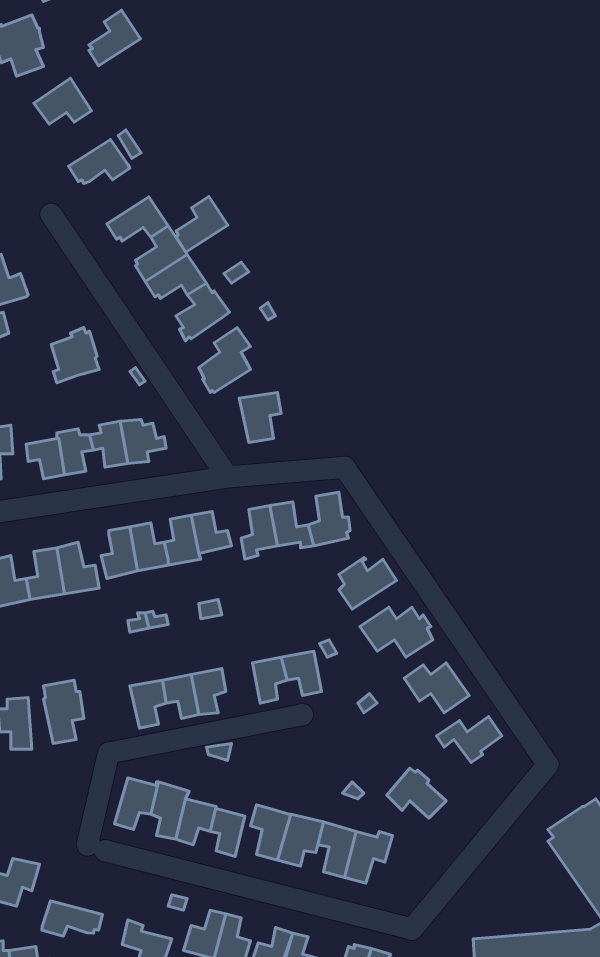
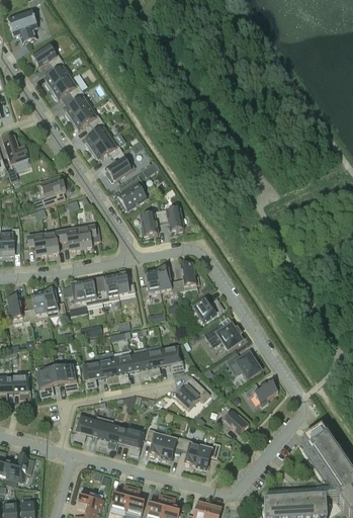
building: [89,10,141,66] -> [43,62,71,91]
building: [176,196,228,252] -> [64,92,91,121]
building: none -> [159,206,182,232]
building: none -> [129,347,150,376]
building: none -> [55,365,77,392]
building: none -> [174,375,209,409]
building: [42,901,103,936] -> none

